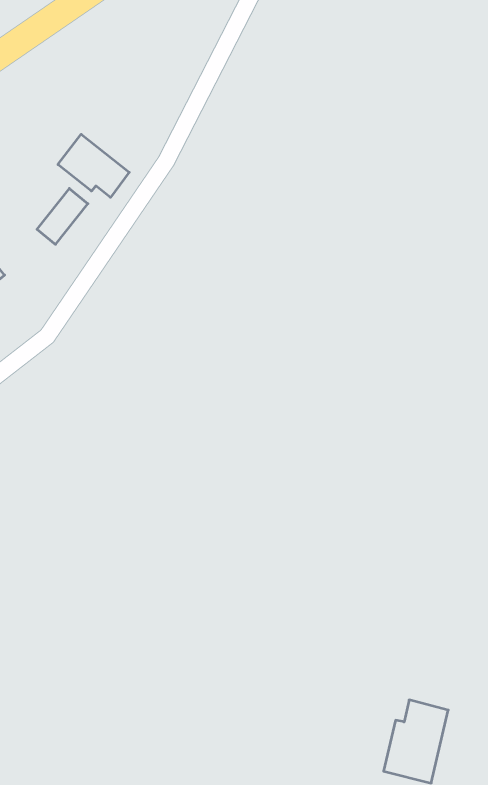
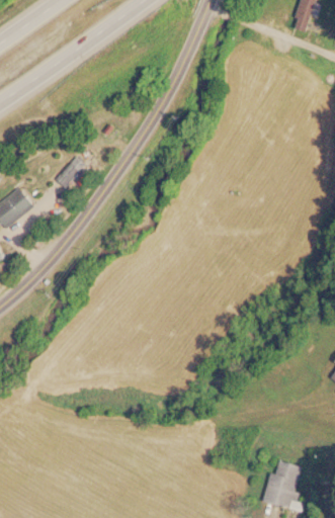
building: [58,134,129,197] -> none

